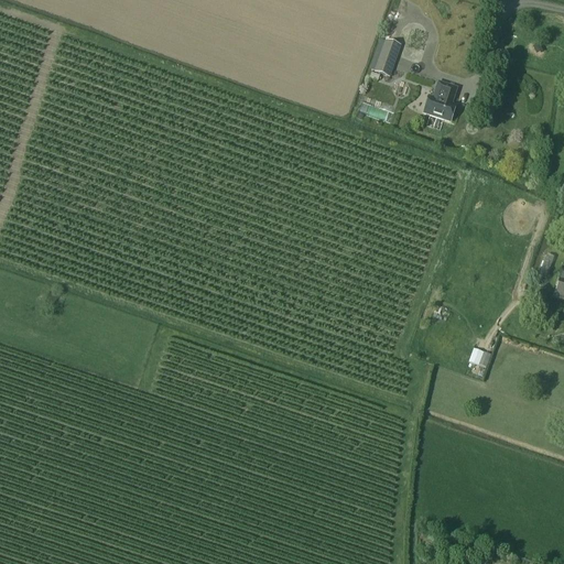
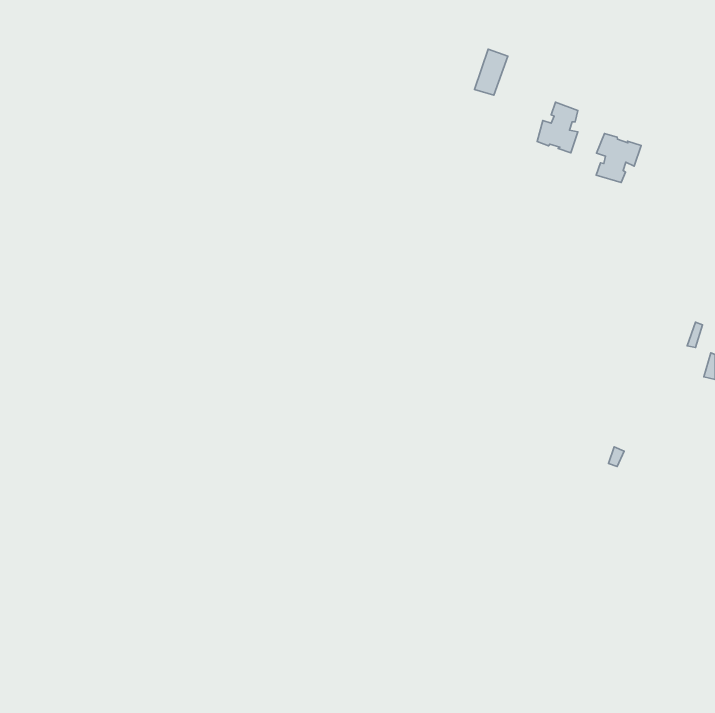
building: none -> [596,133,641,183]

